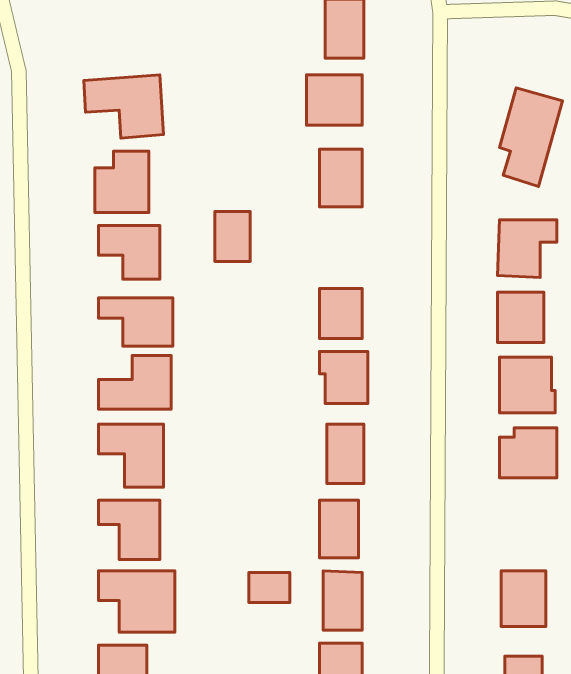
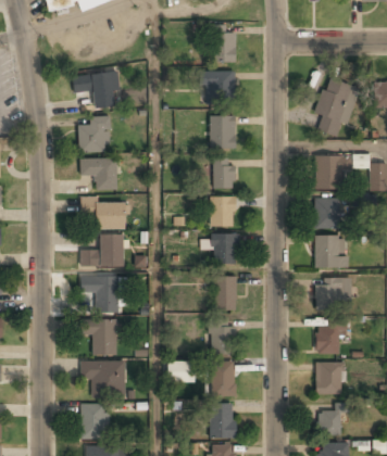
building: [215,211,250,261] -> [212,159,233,188]
building: none -> [316,318,346,353]

